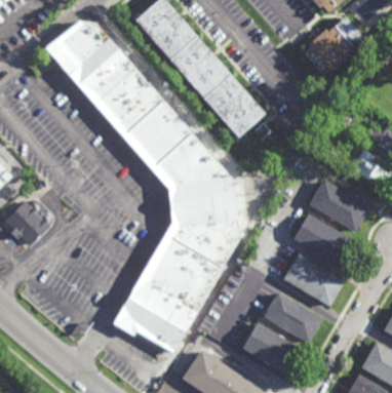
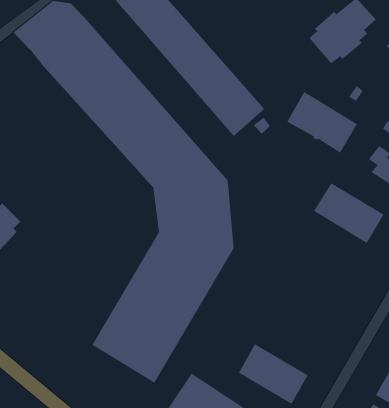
building: [292,210,355,265] -> [286,91,358,153]
building: [283,251,346,306] -> none
building: [262,289,324,342] -> none

